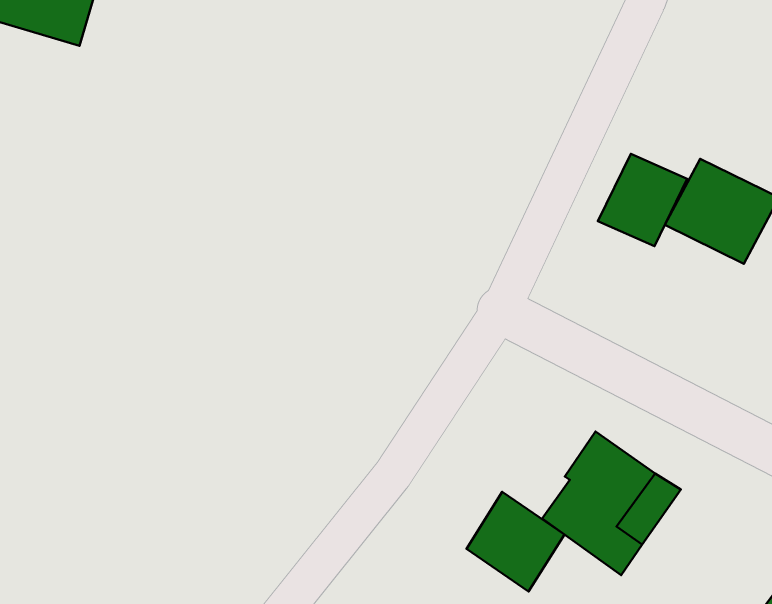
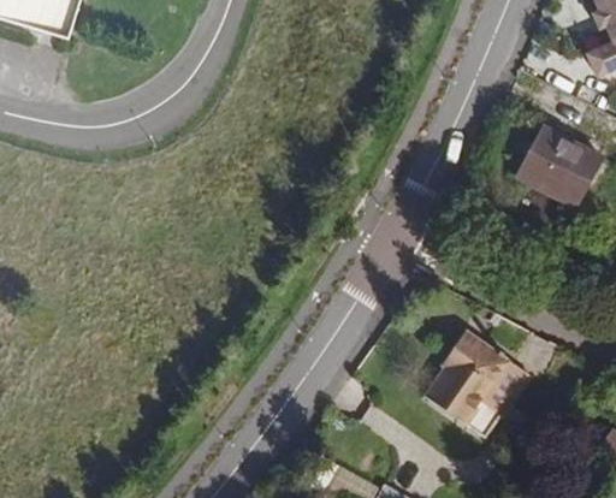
building: [598,154,687,246] -> none
building: [466,492,565,591] -> none

